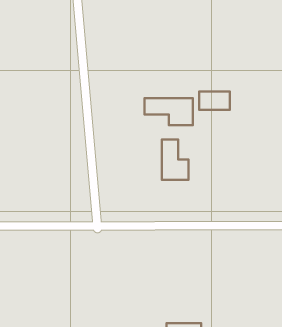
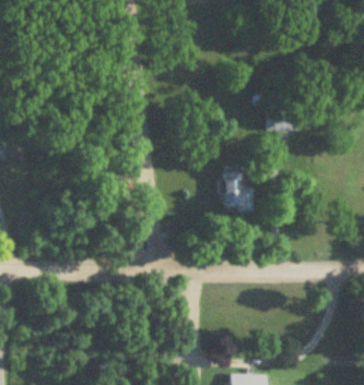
building: [144,98,193,125] -> none

